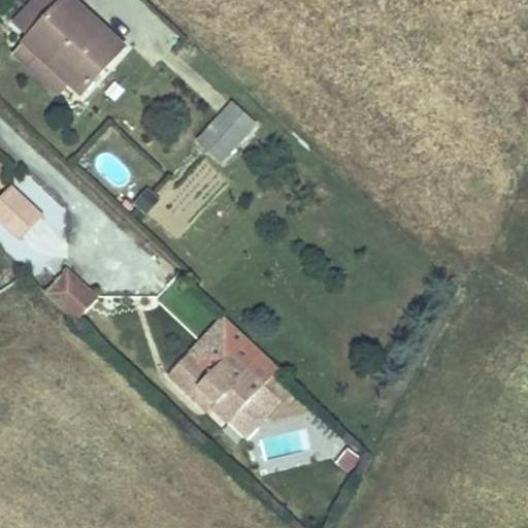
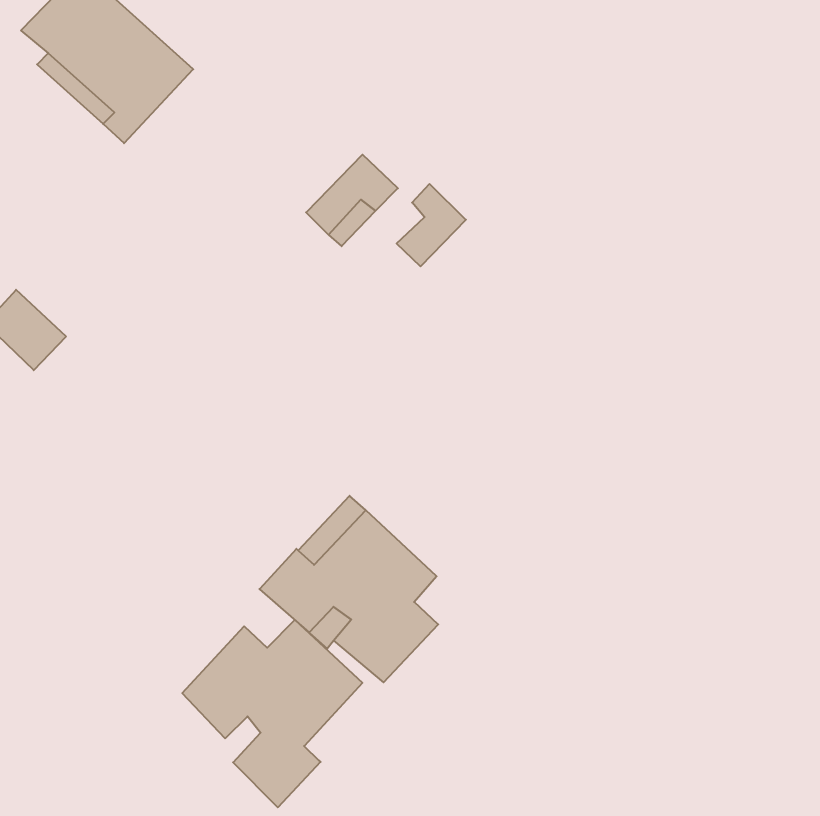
building: none -> [397,184,466,266]
building: [50,272,93,317] -> none
building: none -> [182,620,362,807]

